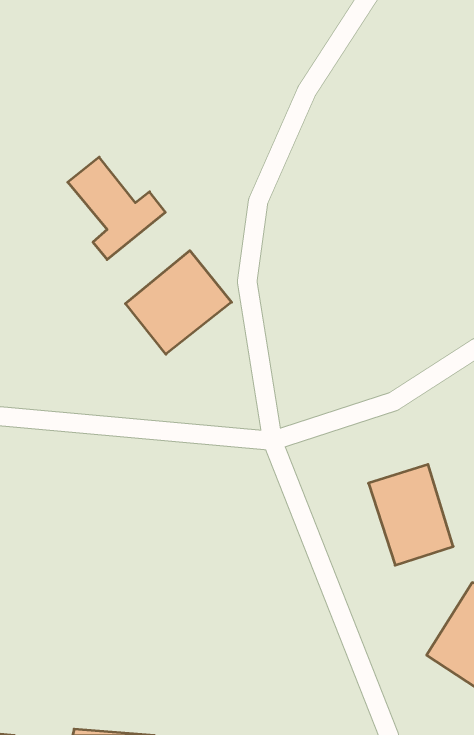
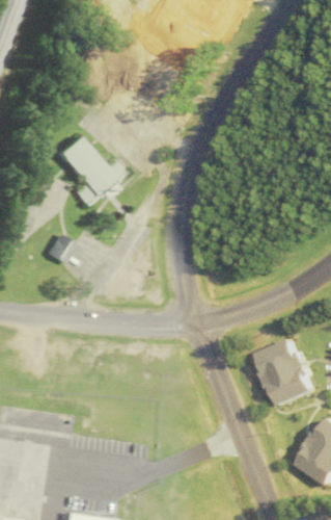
building: [125,251,232,354] -> none
building: none -> [46,232,75,262]

